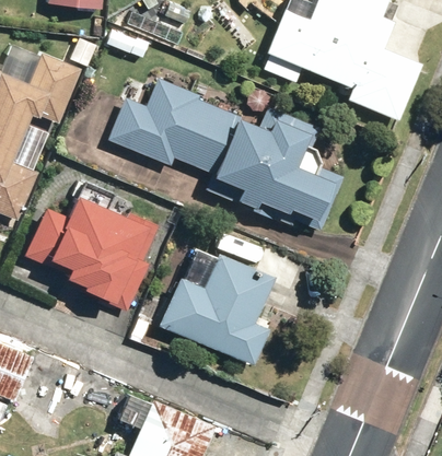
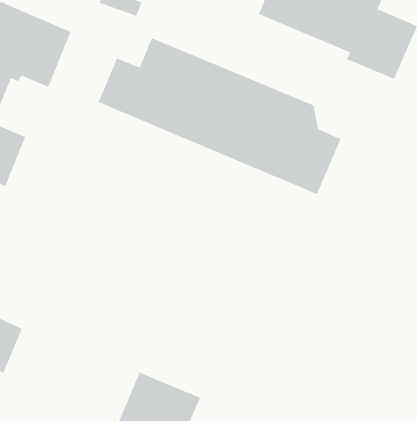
building: [23,195,161,308] -> none
building: [156,255,270,363] -> none

